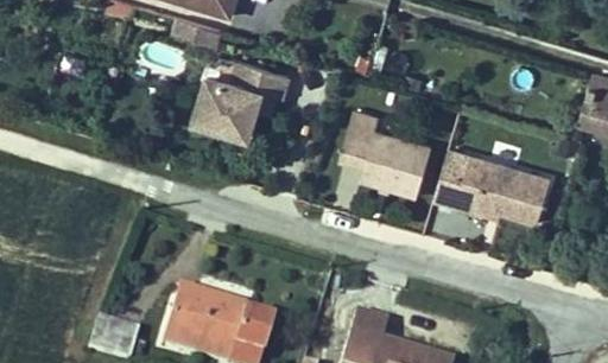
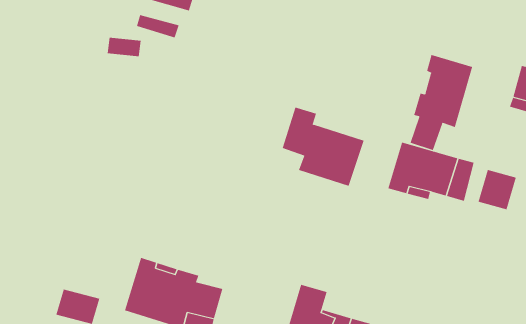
building: [196,59,293,134] -> none
building: none -> [410,54,473,151]
building: none -> [478,169,517,210]

